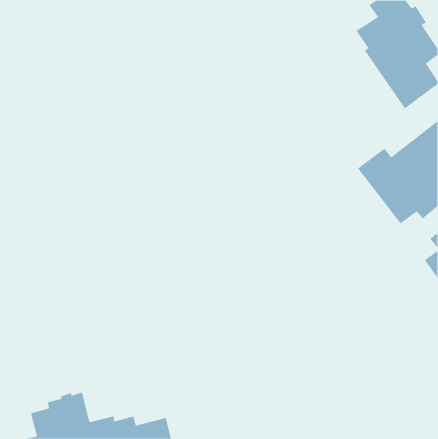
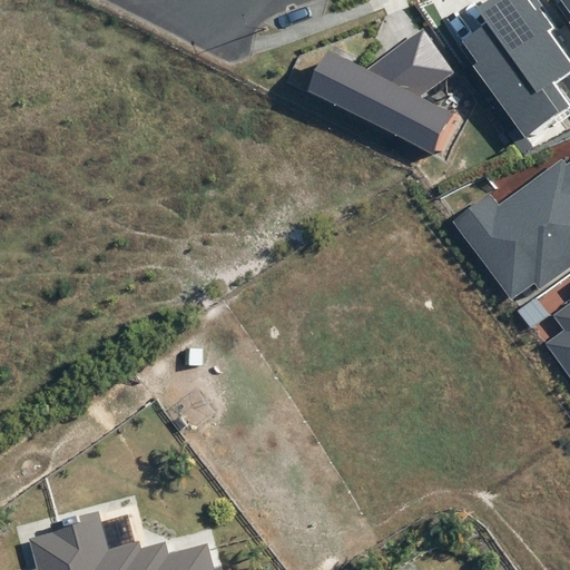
building: none -> [306,30,459,157]

